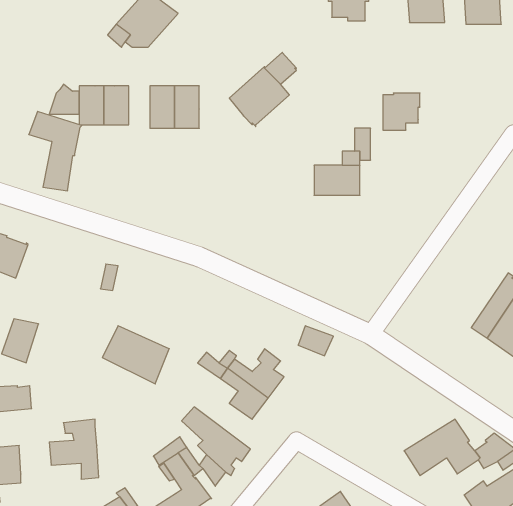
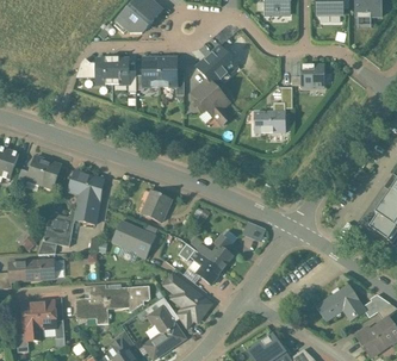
building: [29,111,82,191] -> [69,170,105,224]
building: none -> [191,79,231,125]
building: none -> [142,191,172,222]
building: none -> [106,285,150,311]

